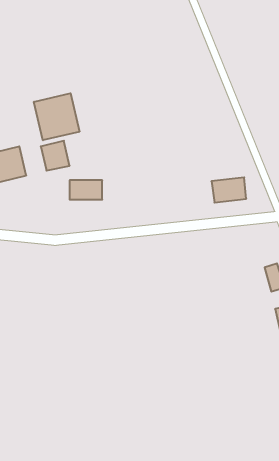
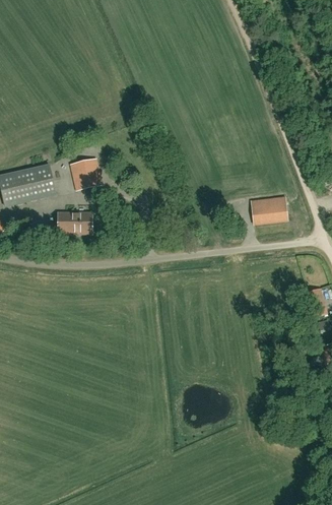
building: [34,93,79,140] -> none
building: [70,180,102,200] -> [57,211,91,232]

